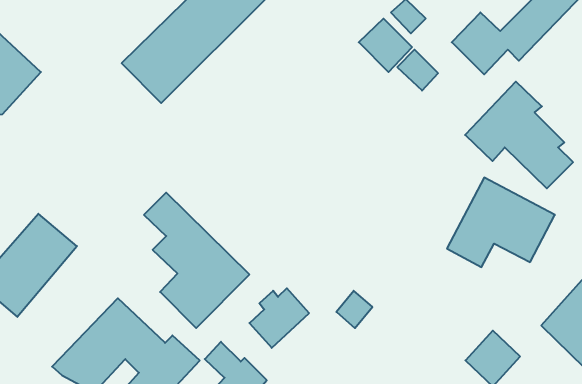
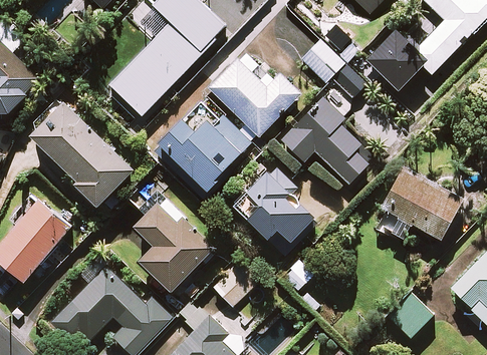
building: none -> [208,53,298,137]
building: [465,82,573,188] -> [281,98,369,185]
building: none -> [30,102,133,208]
building: none -> [160,116,250,191]
building: none -> [232,164,315,256]

